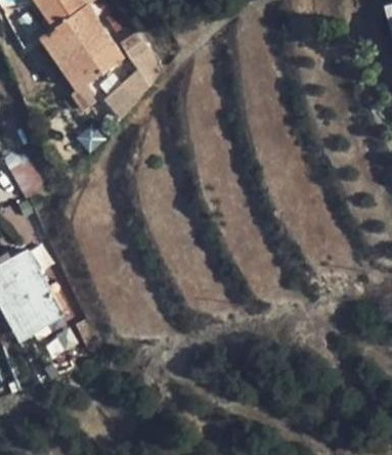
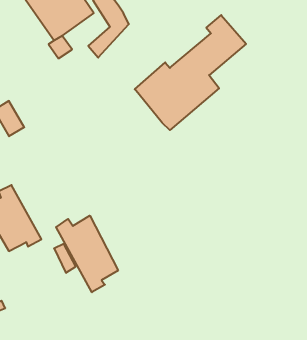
building: none -> [135,15,246,130]
building: none -> [56,216,118,292]

